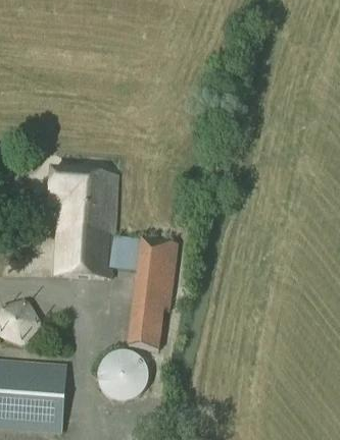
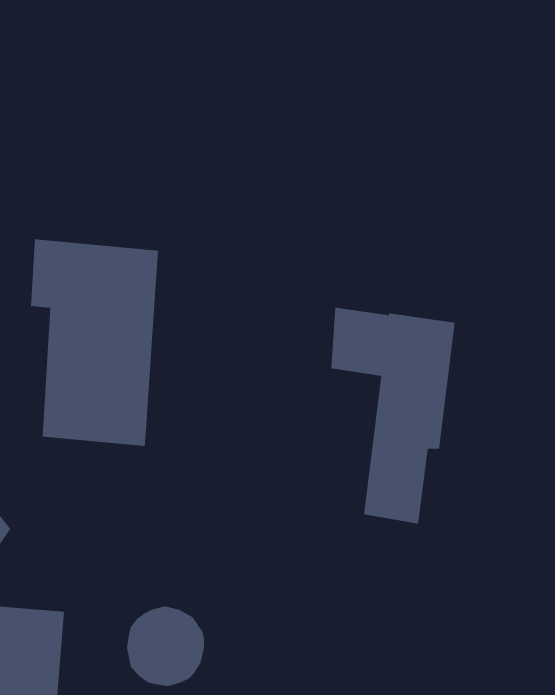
building: [111,232,178,347] -> [331,307,455,524]

